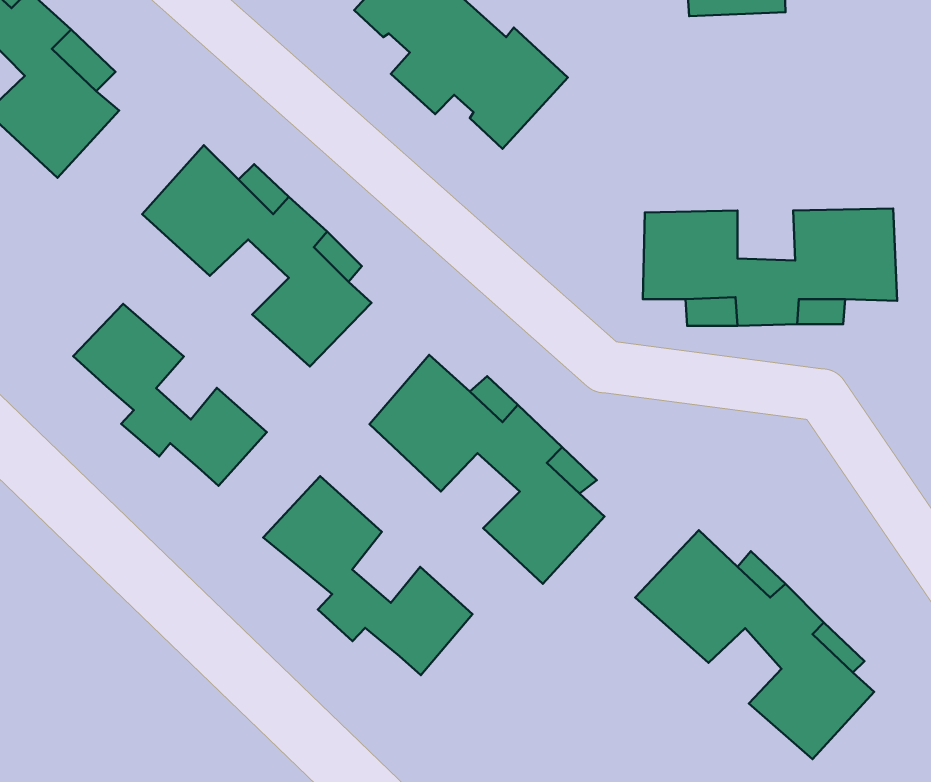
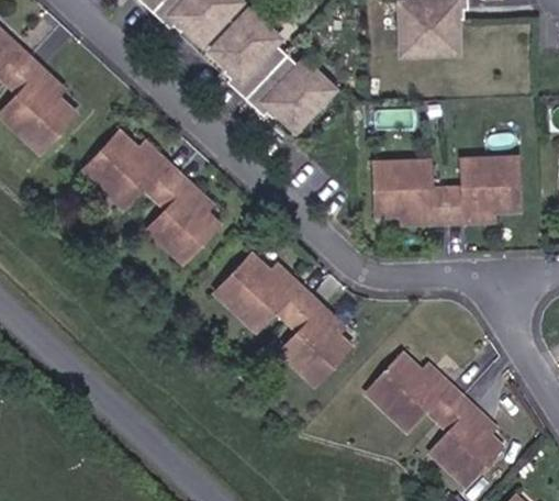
building: [73,304,267,486] -> none
building: [263,476,472,675] -> none

